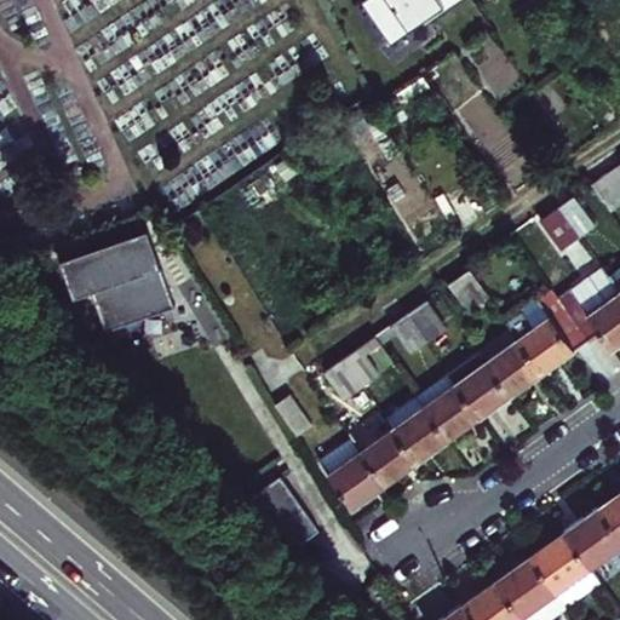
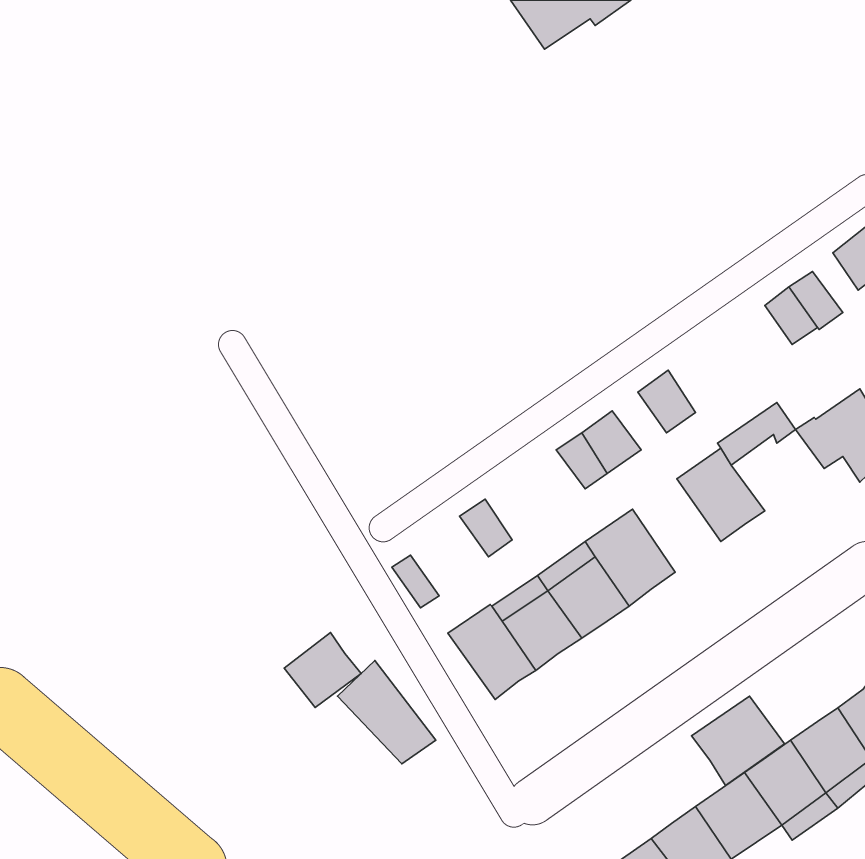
building: [54,230,168,331] -> none
building: [523,312,590,371] -> none
building: [348,339,401,391] -> none
building: [453,348,516,414] -> none
building: none -> [284,632,361,707]
building: none -> [691,696,785,786]

